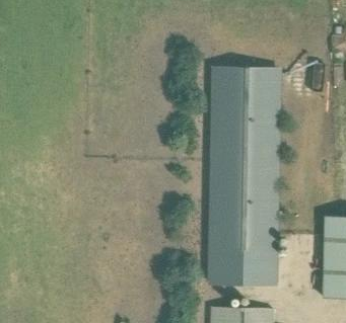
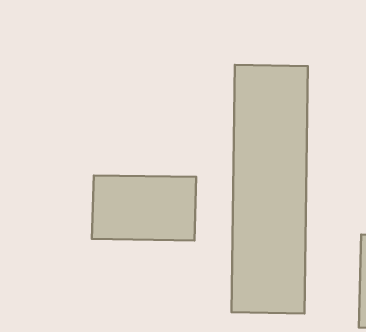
building: none -> [92,175,196,240]

